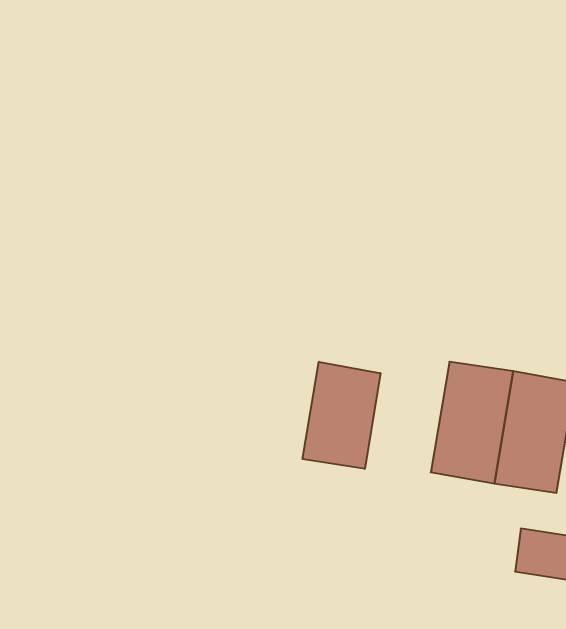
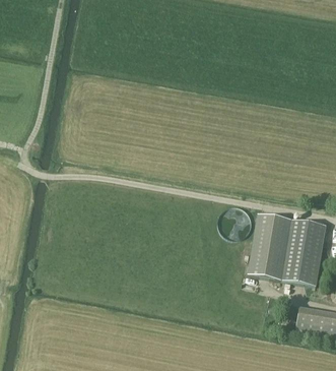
building: [303,362,380,469] -> none

